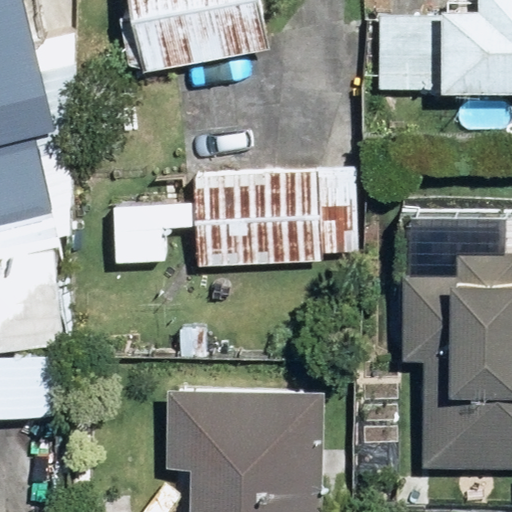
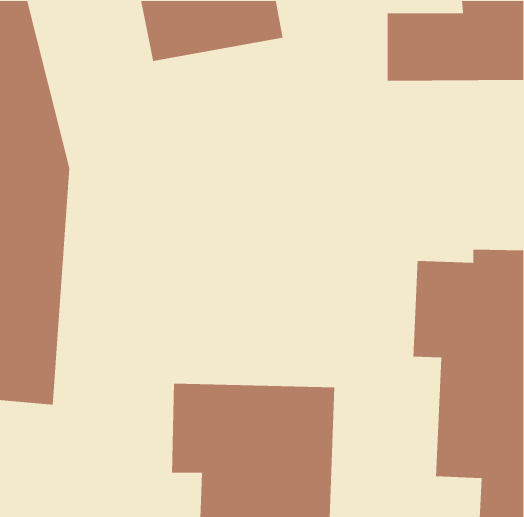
building: [117,165,357,267] -> none

